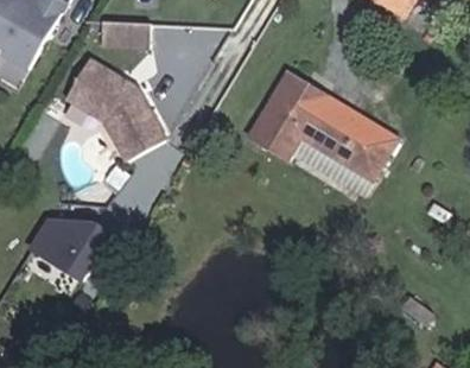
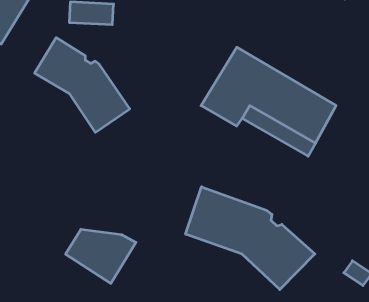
building: [32,222,109,281] -> [66,229,136,283]
building: none -> [186,187,315,290]

